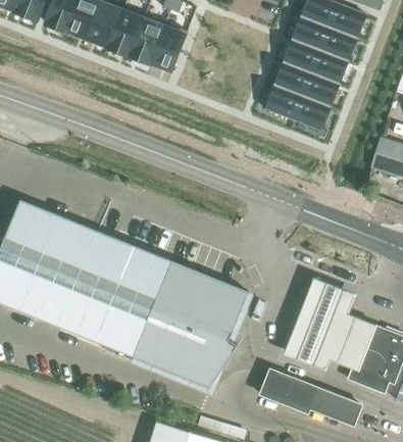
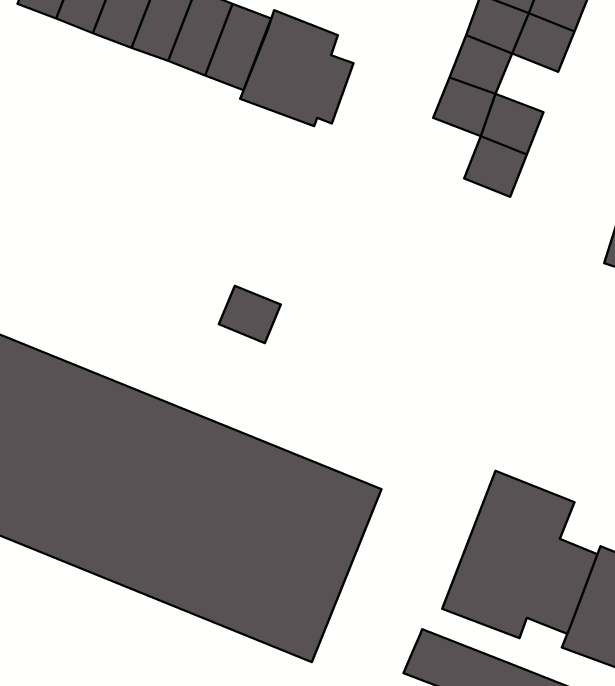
building: none -> [240,10,353,126]
building: [311,51,346,84] -> none
building: [267,87,303,120] -> none
building: none -> [219,286,281,343]

